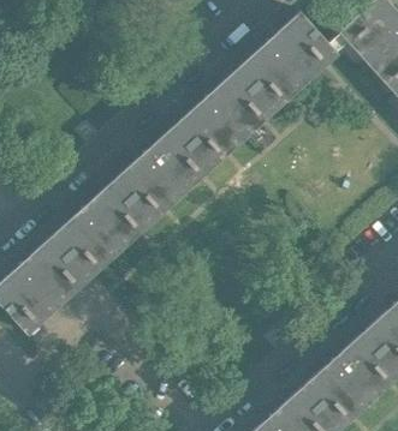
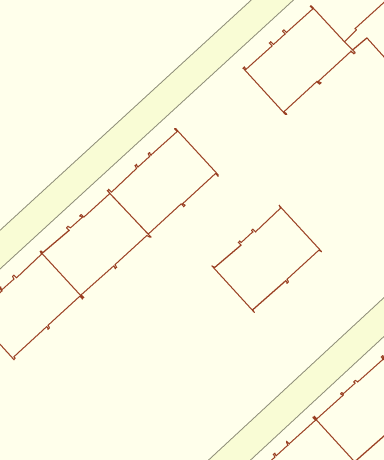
building: [176,67,275,164] -> [212,205,321,312]

